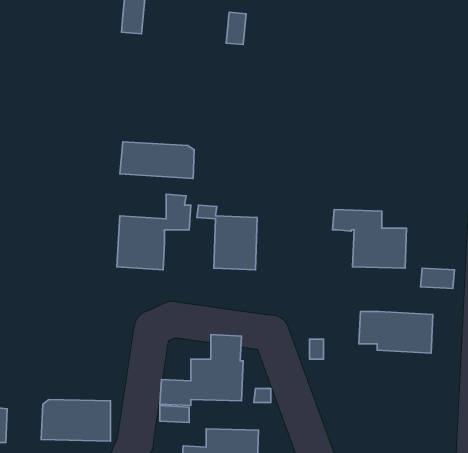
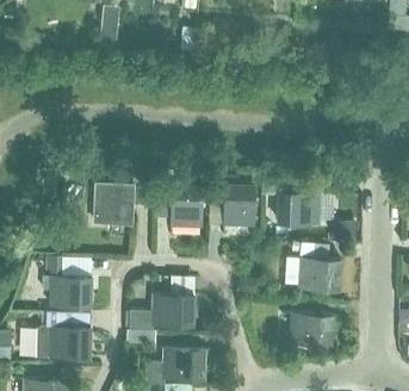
building: [120,142,194,179] -> none
building: none -> [211,176,255,226]
building: none -> [44,257,93,308]
building: none -> [290,314,331,347]

